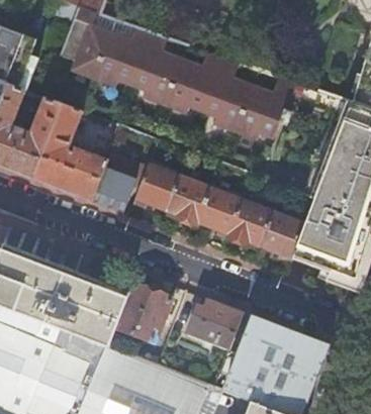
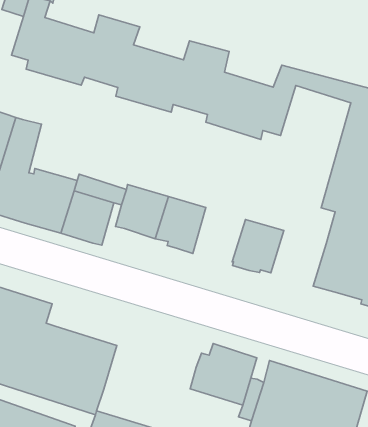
building: [196,188,241,233] -> none
building: [258,211,304,257] -> none
building: [116,284,172,342] -> none

